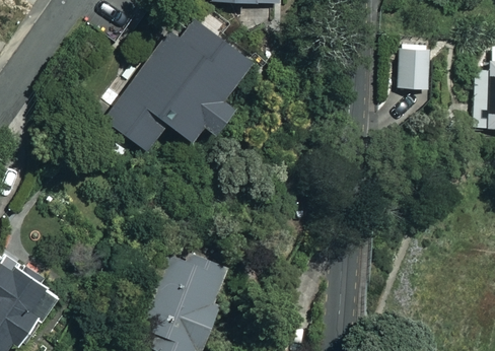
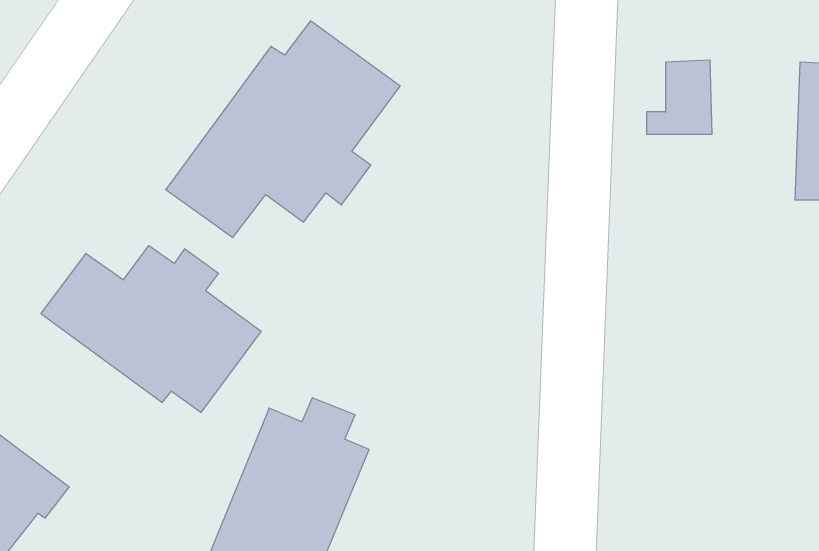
building: none -> [41,246,261,412]

